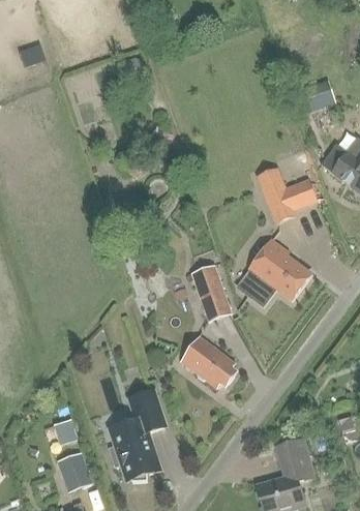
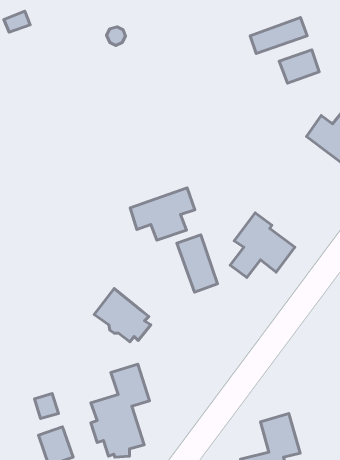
building: none -> [250,18,307,53]
building: [258,167,317,222] -> none
building: none -> [130,188,195,240]
building: [182,335,238,388] -> [94,288,151,342]

